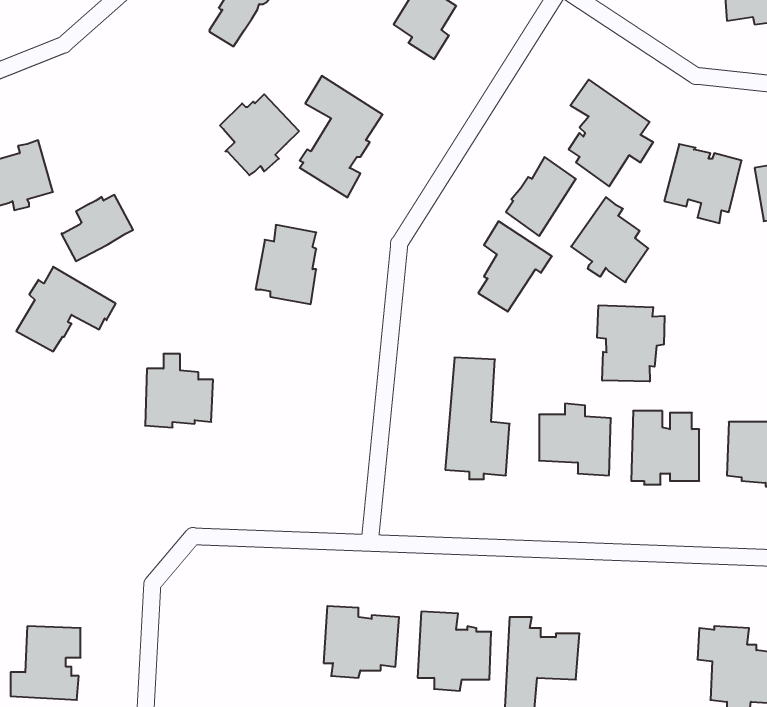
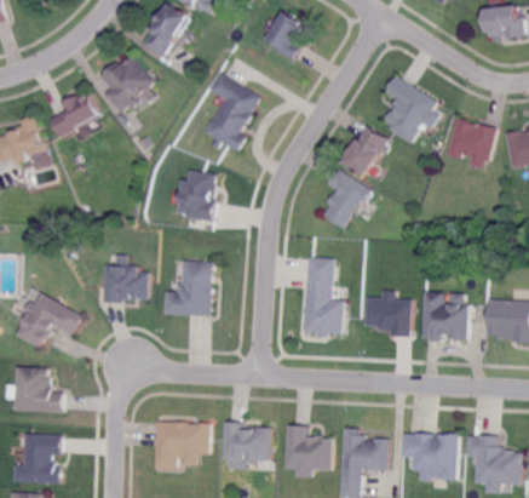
building: [220,94,299,175] -> [102,55,154,108]
building: [61,195,133,261] -> [51,91,98,134]
building: [571,197,648,282] -> none
building: [16,267,116,351] -> [16,293,81,349]
building: [597,305,665,382] -> none
building: none -> [162,261,213,317]
building: none -> [15,367,63,413]
building: none -> [153,422,208,470]
building: none -> [402,434,458,481]

